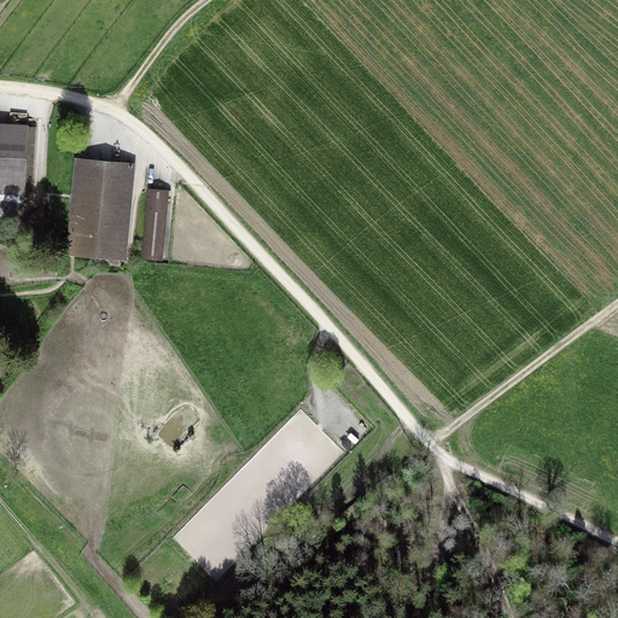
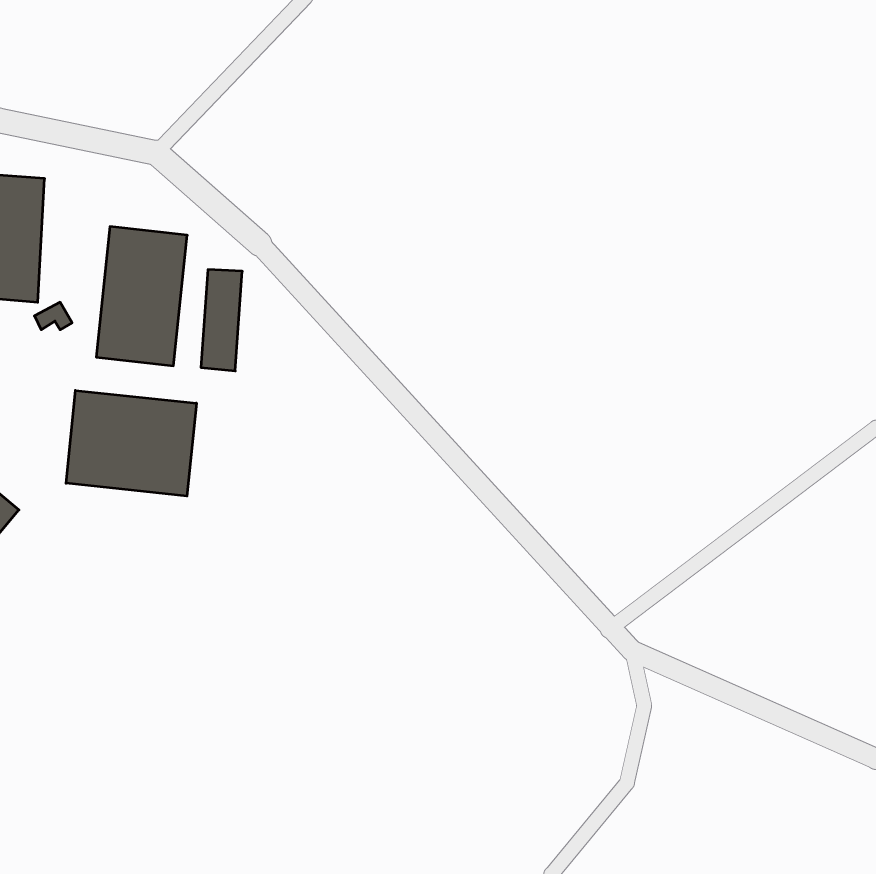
building: none -> [66,390,196,496]

